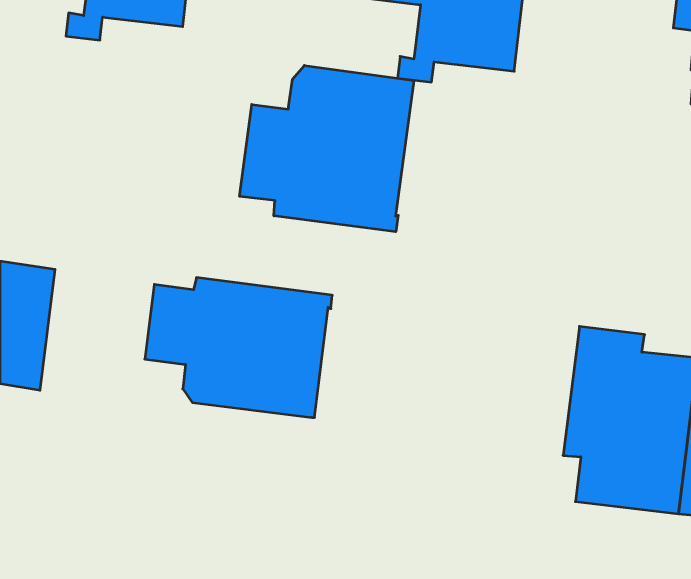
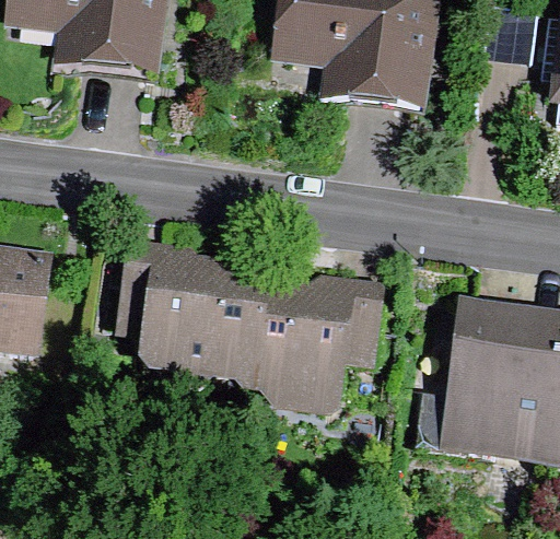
building: [240,65,414,232] -> none
building: none -> [249,291,381,412]

